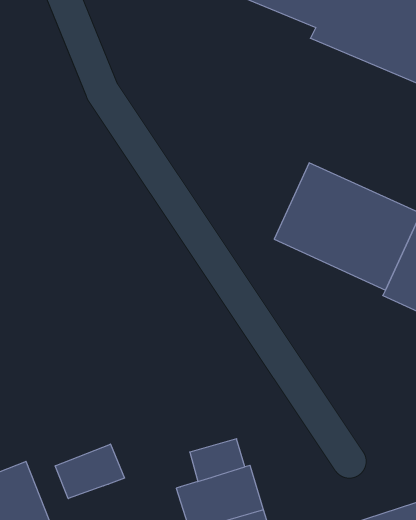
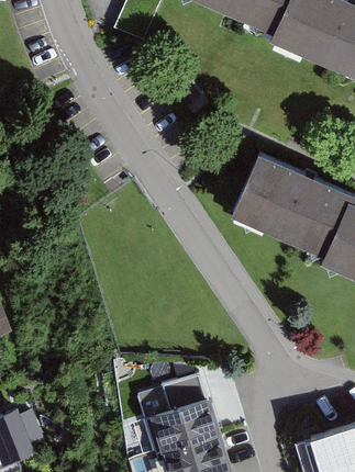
building: [55,444,124,499] -> none

